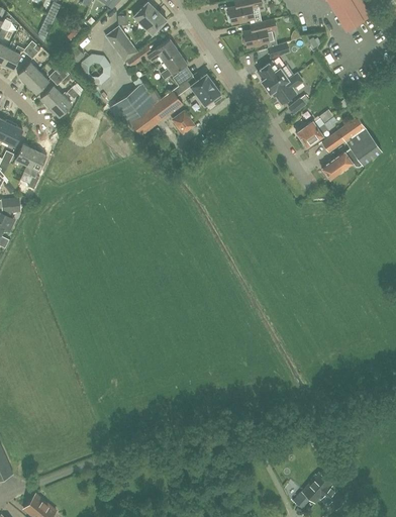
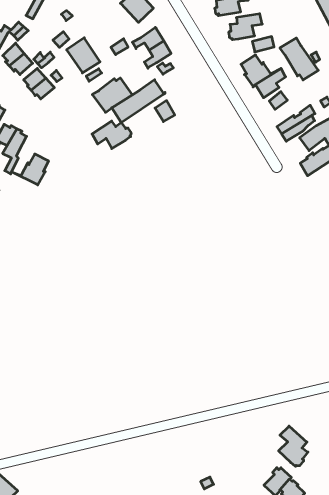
building: [105,26,133,57] -> none
building: none -> [280,38,318,80]
building: [190,73,221,105] -> none
building: none -> [92,121,131,149]
building: none -> [12,154,48,185]
building: none -> [279,426,308,466]

